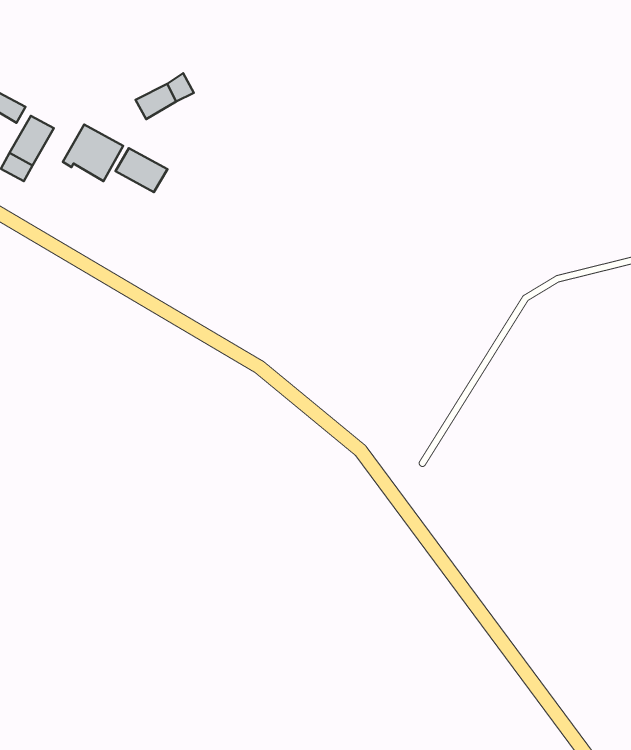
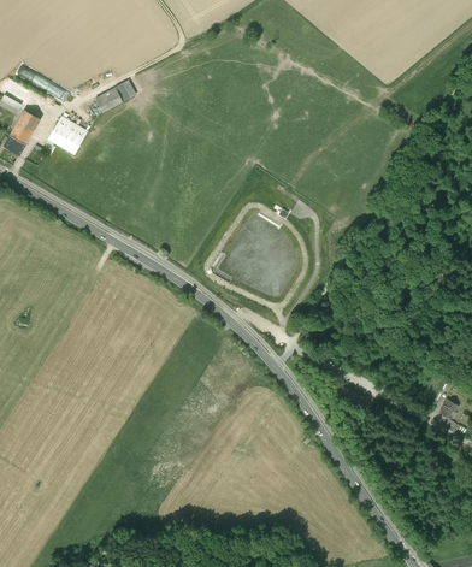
building: [115,148,167,192] -> none

